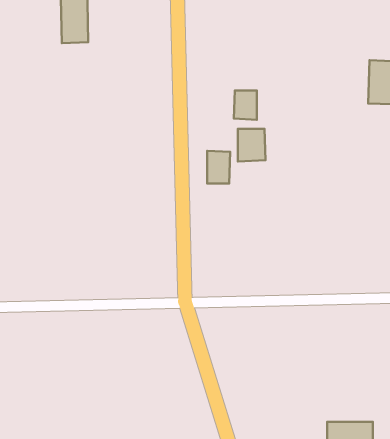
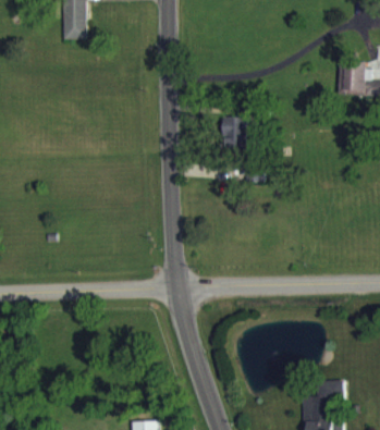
building: [234,90,257,120] -> none
building: [207,151,230,183] -> none

